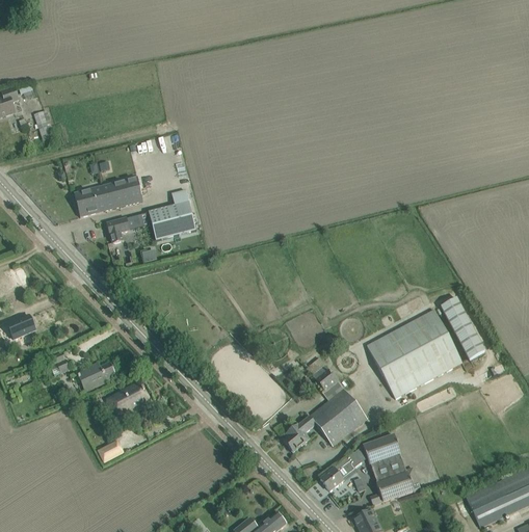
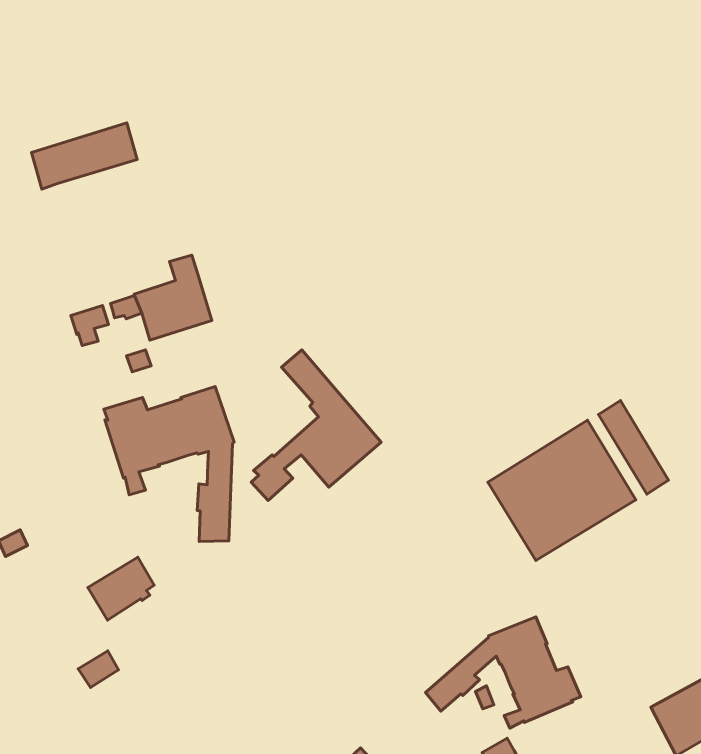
building: [75,177,142,216] -> [32,123,137,189]
building: none -> [104,387,234,542]
building: [283,356,368,452] -> [251,350,381,500]
building: [78,361,115,390] -> none

